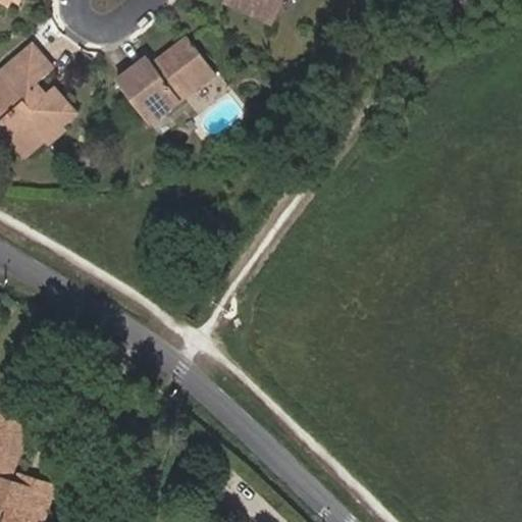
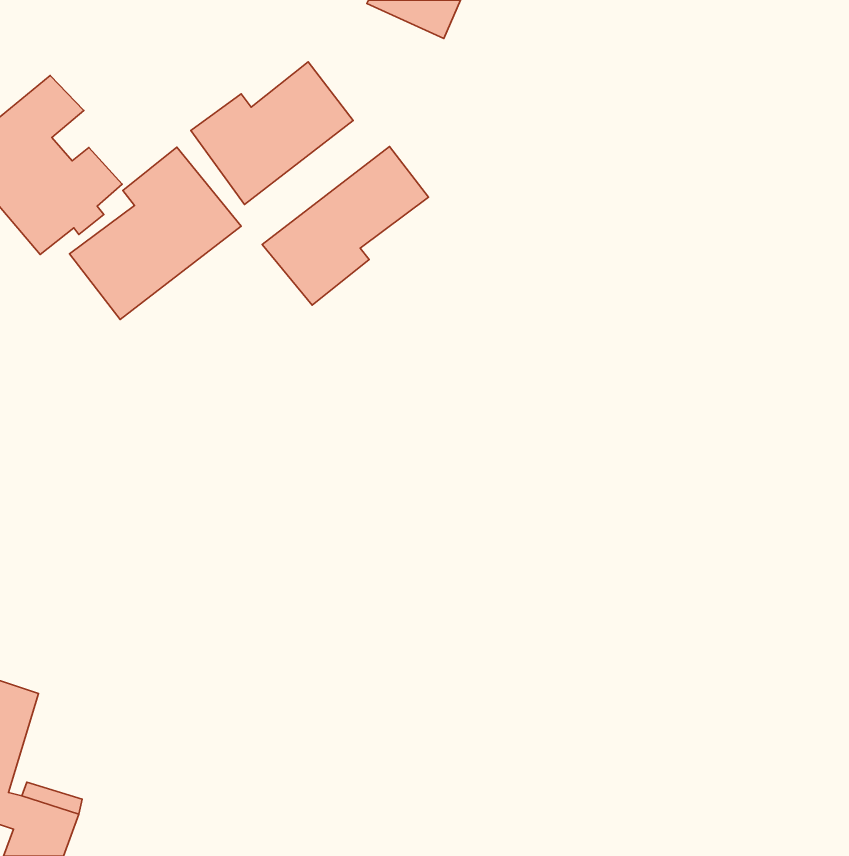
building: none -> [262,147,428,305]
building: none -> [70,147,241,320]

